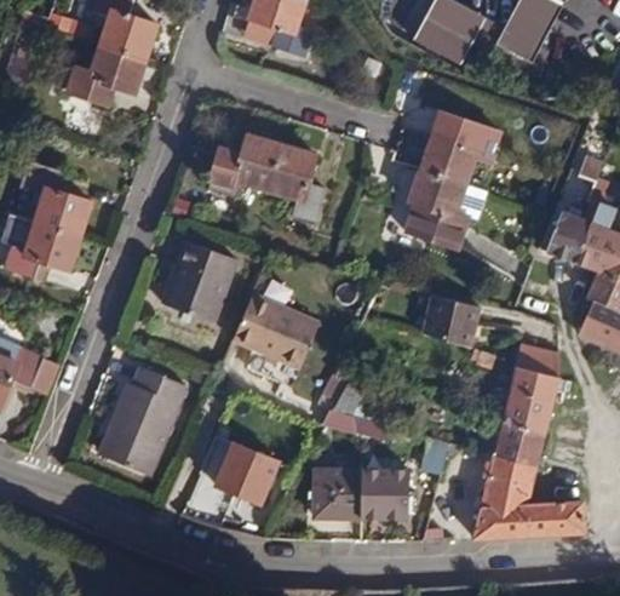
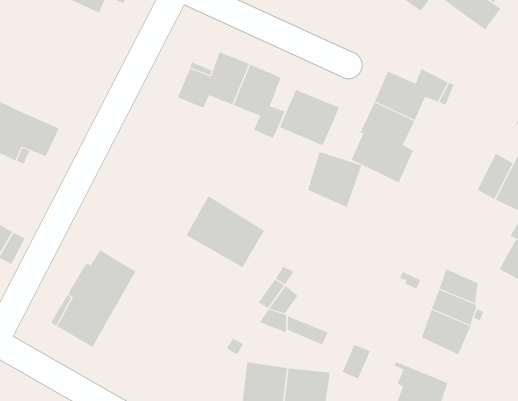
building: [19,161,92,237] -> none
building: none -> [279,89,340,146]
building: [161,239,236,320] -> none
building: [423,292,480,350] -> [307,151,362,208]
building: [482,417,546,466] -> none
building: [202,432,280,504] -> none

